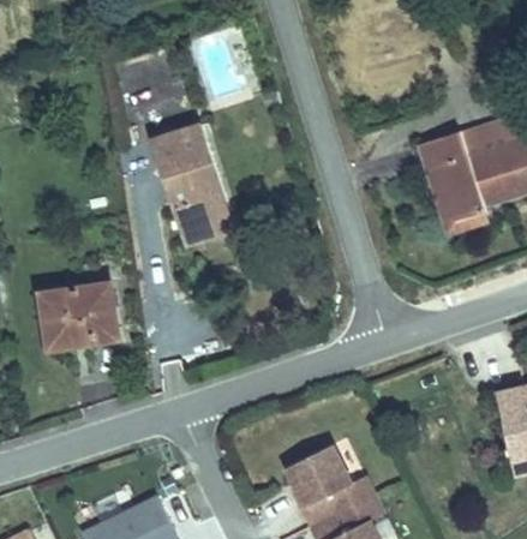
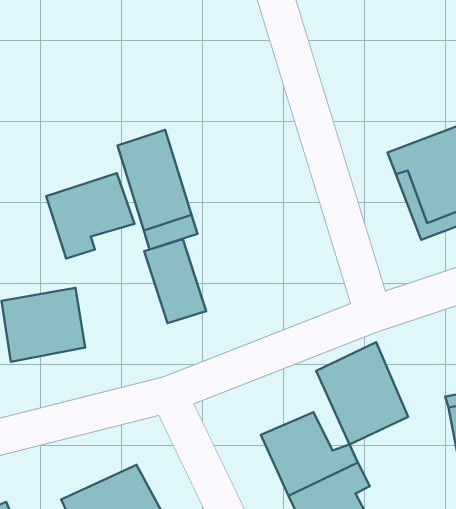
building: none -> [46,173,135,259]
building: none -> [144,239,206,323]
building: none -> [316,342,408,444]

